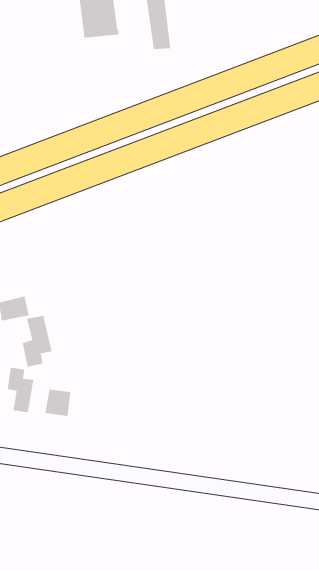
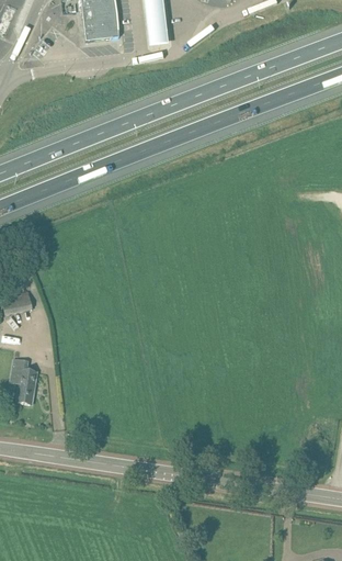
building: [22,315,53,368] -> none
building: [44,389,71,417] -> none

